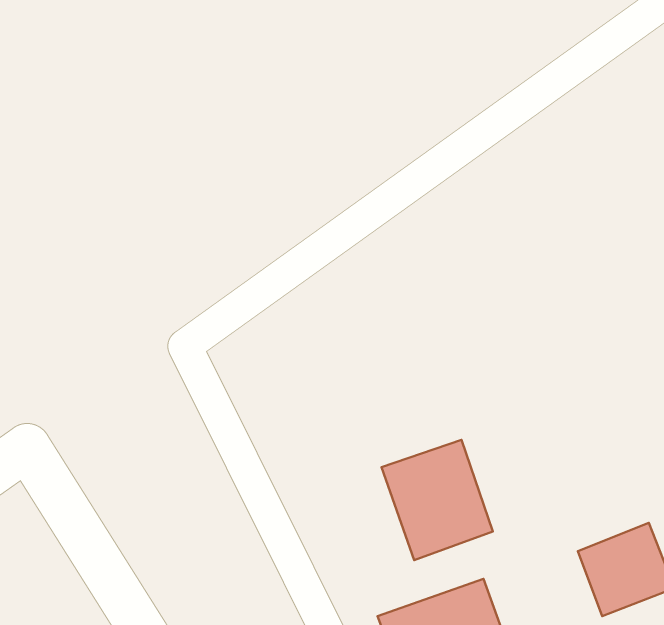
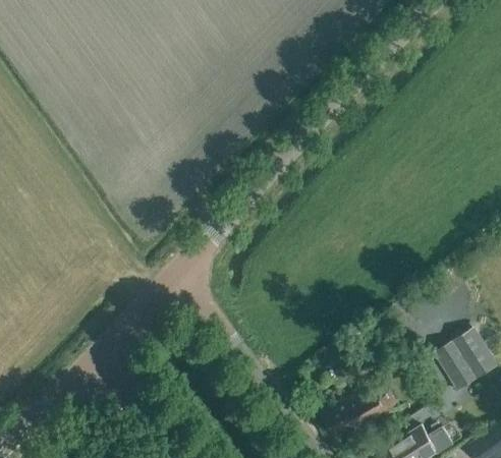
building: [382,440,493,560] -> none

